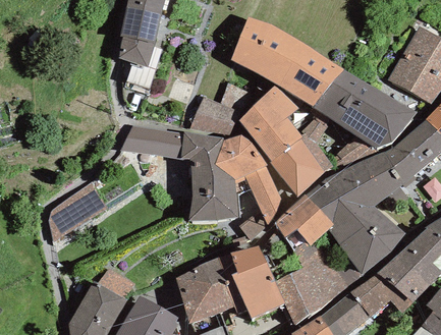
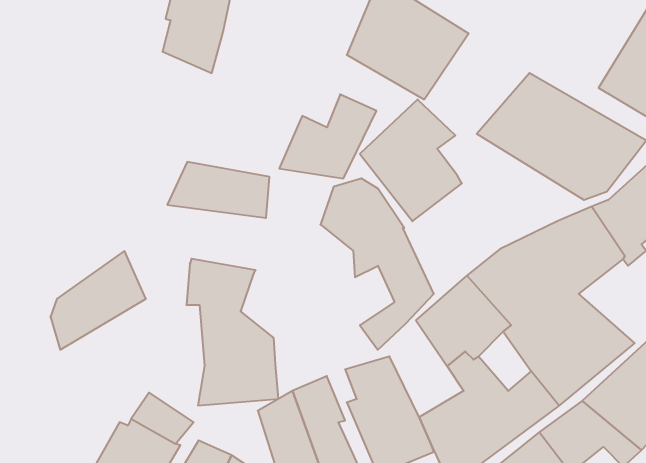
building: [279,45,344,107] -> none
building: [270,116,335,197] -> none
building: [181,130,238,221] -> [186,259,279,405]

